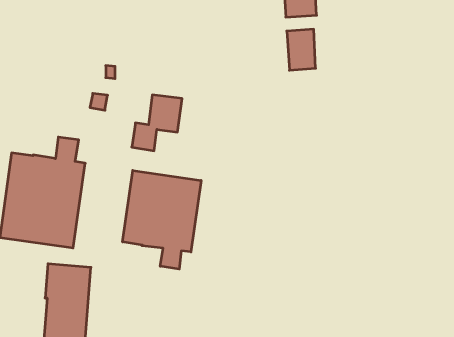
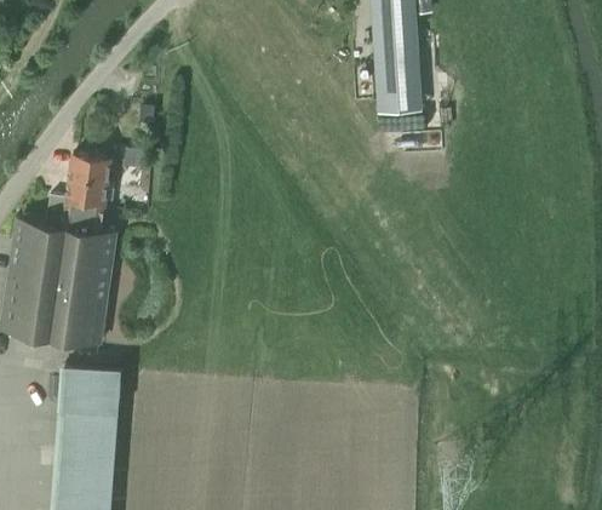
building: [132,95,182,151] -> [45,157,110,230]
building: [123,170,201,269] -> none

